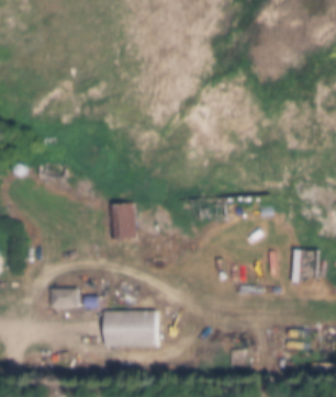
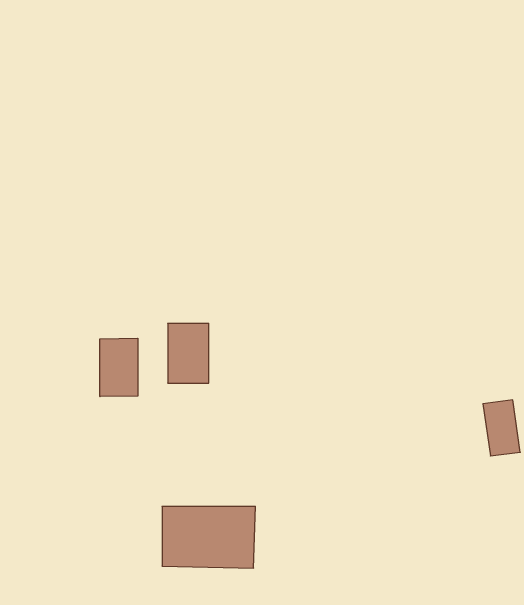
building: none -> [100,338,138,397]
building: [49,288,77,308] -> none

